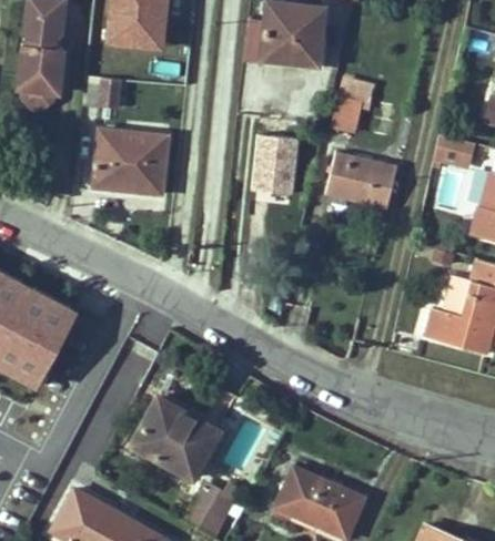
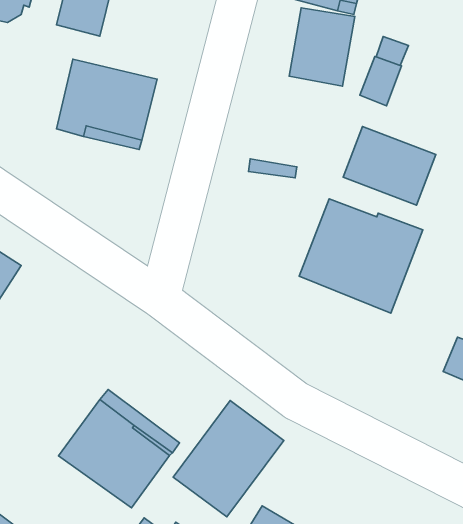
building: [252,132,297,190] -> [289,8,355,86]
building: none -> [299,199,423,313]
building: none -> [173,400,284,517]

